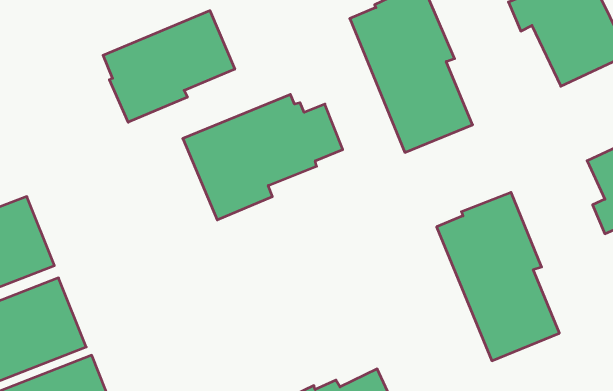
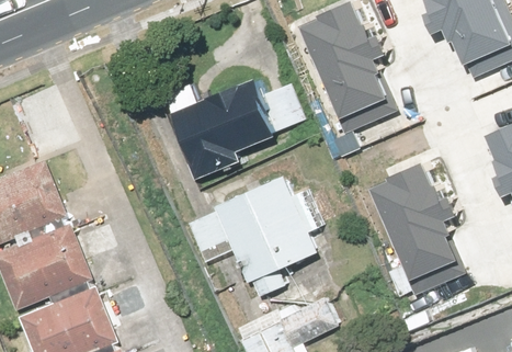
building: [103,11,235,122] -> none
building: none -> [185,179,320,298]

